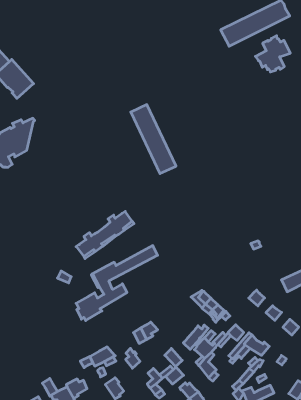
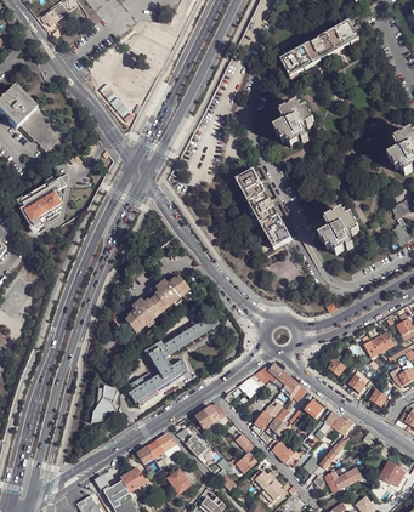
building: [255,36,290,72] -> [273,104,313,147]
building: [131,105,176,174] -> [236,170,291,249]
building: none -> [318,214,357,254]
building: none -> [91,386,119,425]

